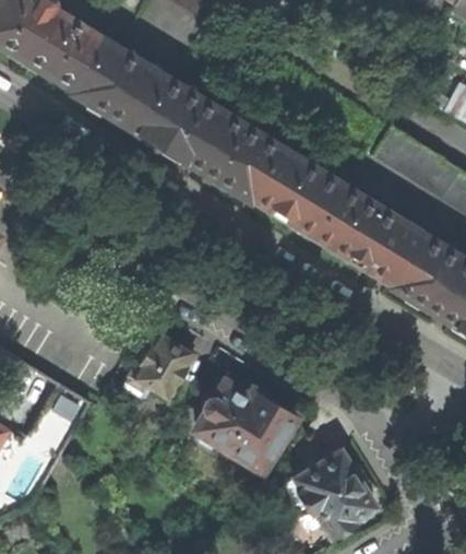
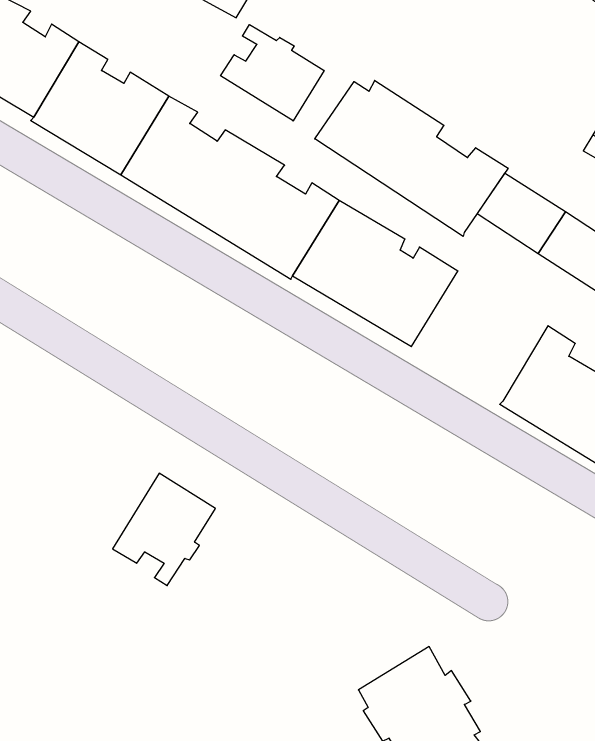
building: none -> [221,25,324,121]
building: none -> [315,80,508,236]
building: [328,193,421,282] -> none
building: [198,372,298,473] -> none

